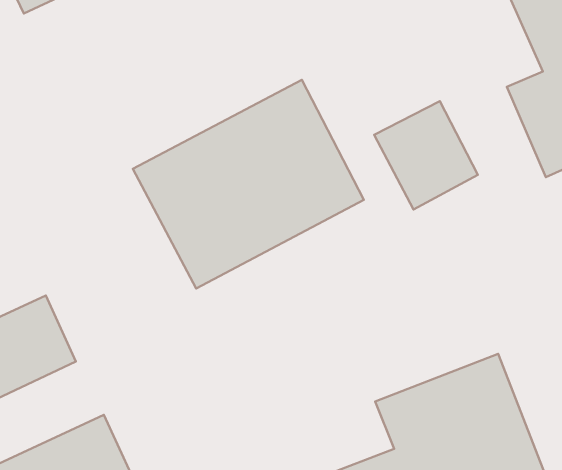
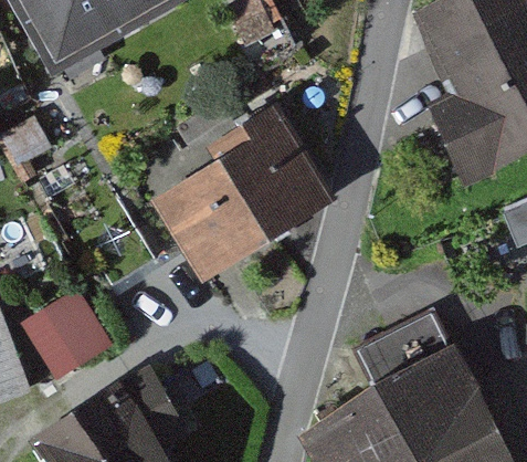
building: [374,101,478,209] -> none

